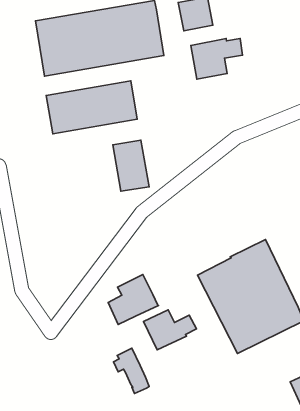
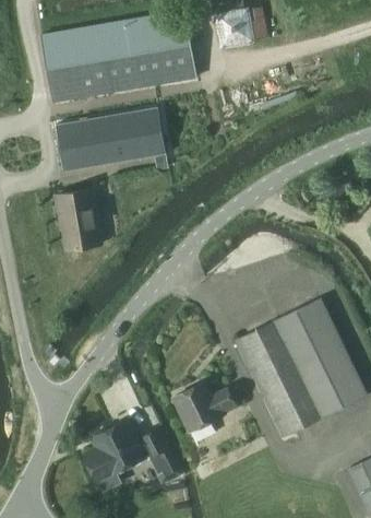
building: [191,38,242,79] -> none
building: [113,140,149,191] -> [58,189,101,250]
building: [108,274,158,324] -> [83,420,143,480]

